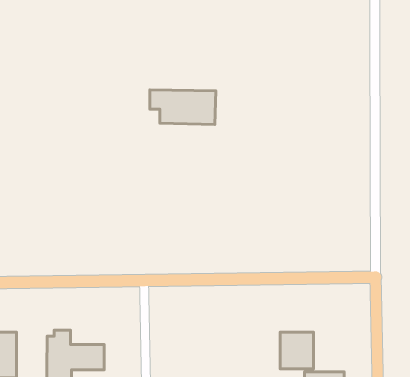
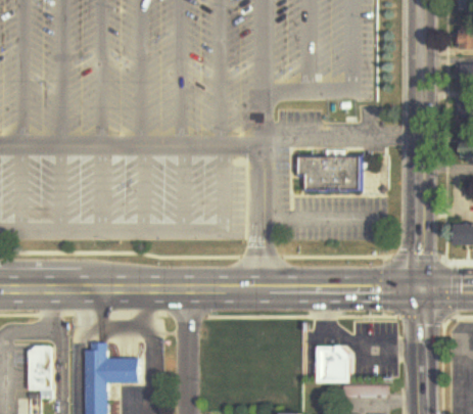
building: [150,90,216,124] -> [293,154,360,189]

